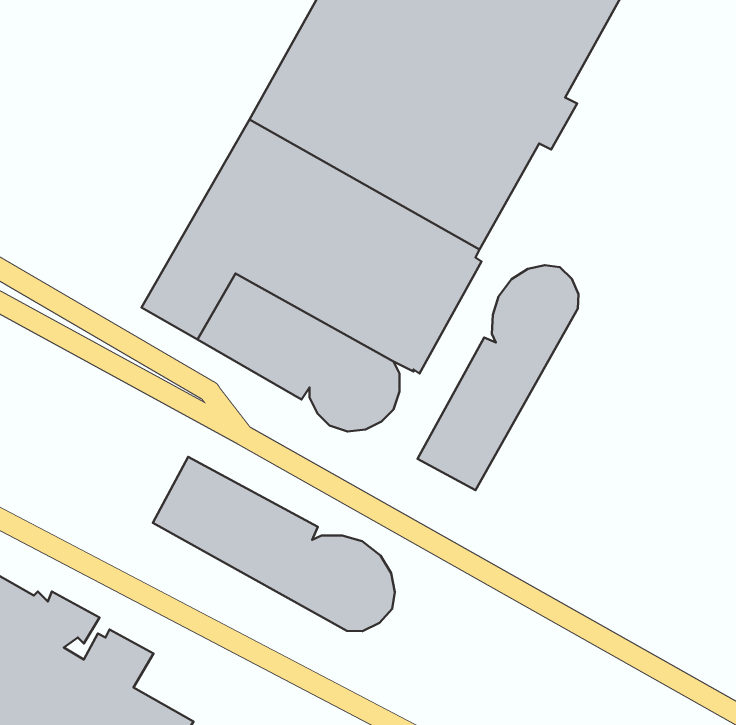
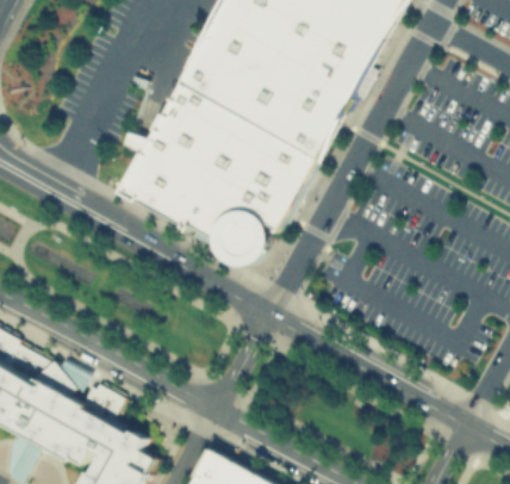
building: [418,265,579,490] -> none
building: [153,457,395,631] -> none

